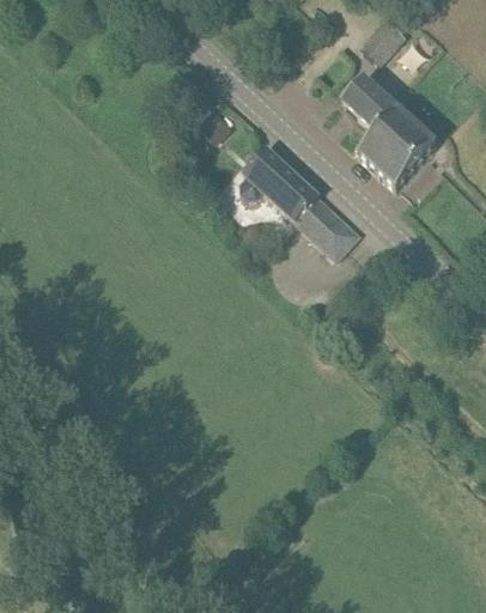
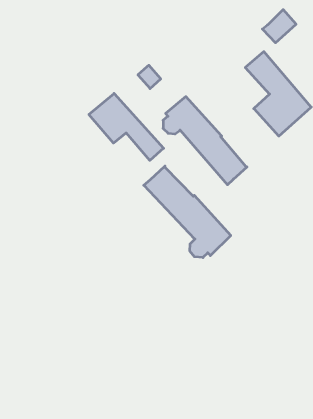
building: none -> [89,93,164,160]
building: none -> [144,166,231,258]

